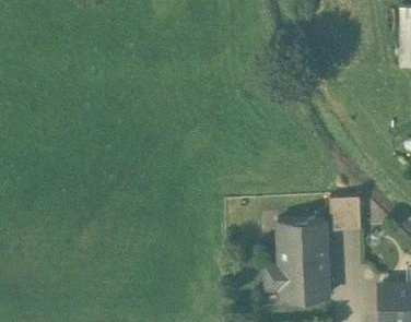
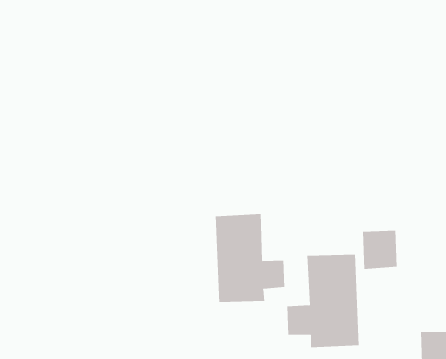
building: none -> [215,213,285,303]

